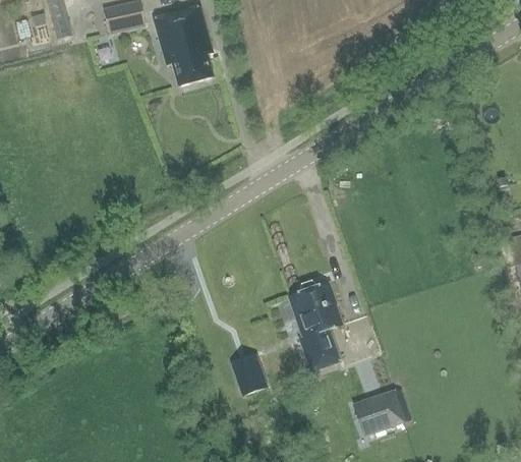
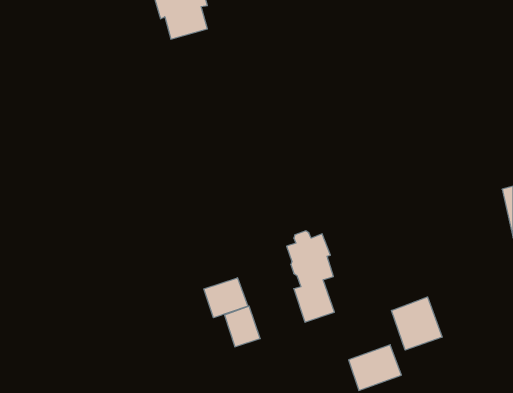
building: none -> [204,278,248,318]
building: none -> [392,297,442,350]

